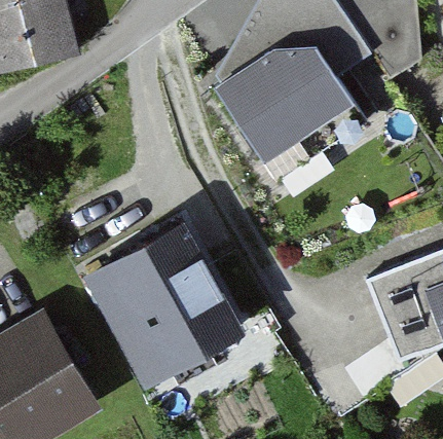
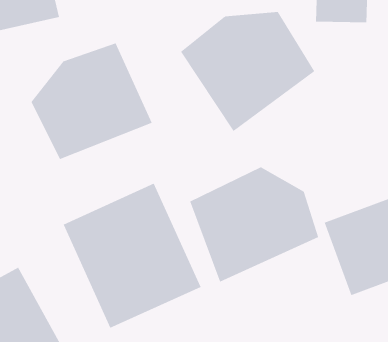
building: none -> [31,42,152,160]
building: none -> [190,166,319,282]

